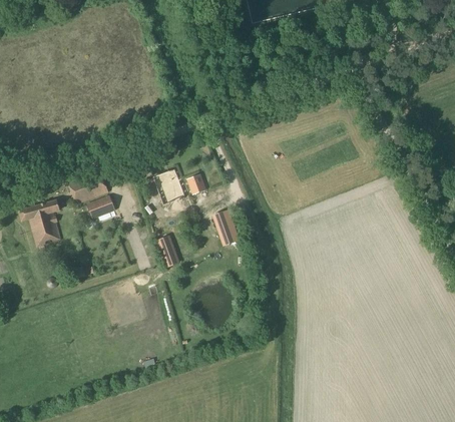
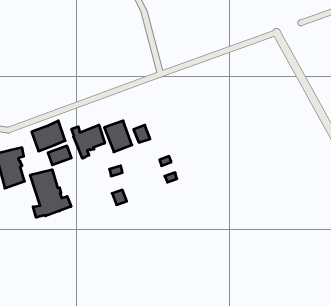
building: none -> [72,125,105,158]
building: none -> [30,170,71,217]

